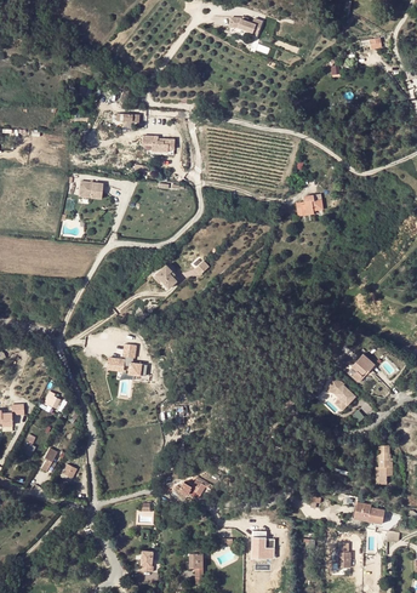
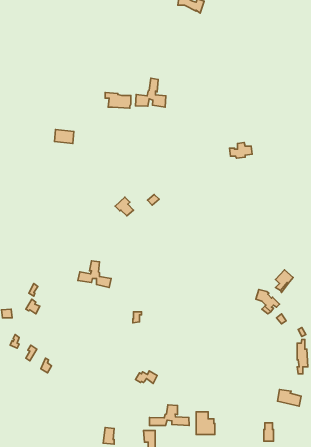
building: none -> [136,78,166,107]
building: none -> [149,405,189,426]

